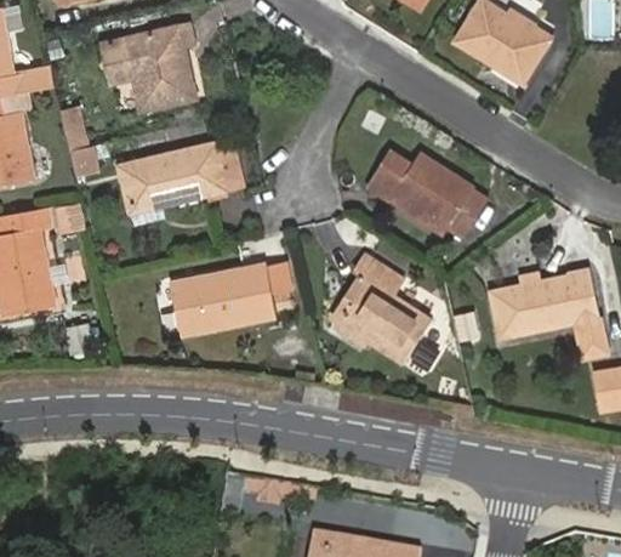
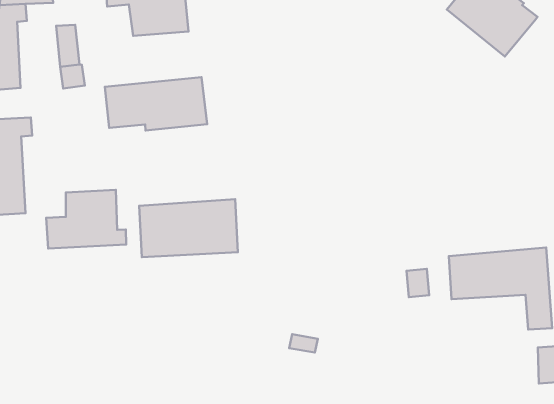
building: [366,149,489,237] -> none
building: [332,254,433,364] -> none
building: none -> [46,190,126,249]

